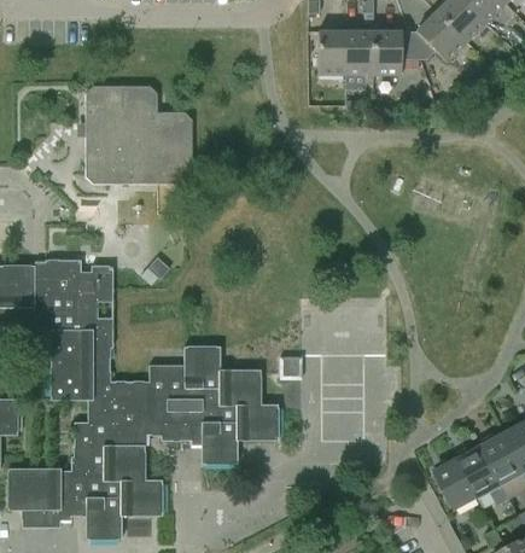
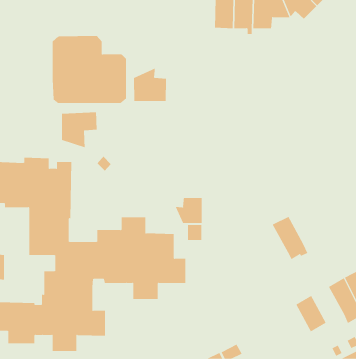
building: none -> [134,68,167,102]
building: none -> [62,111,97,148]
building: none -> [175,197,202,224]
building: [457,446,509,508] -> [272,216,308,260]

